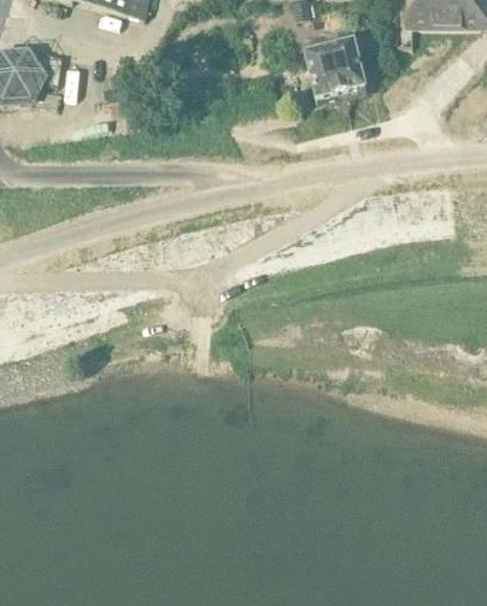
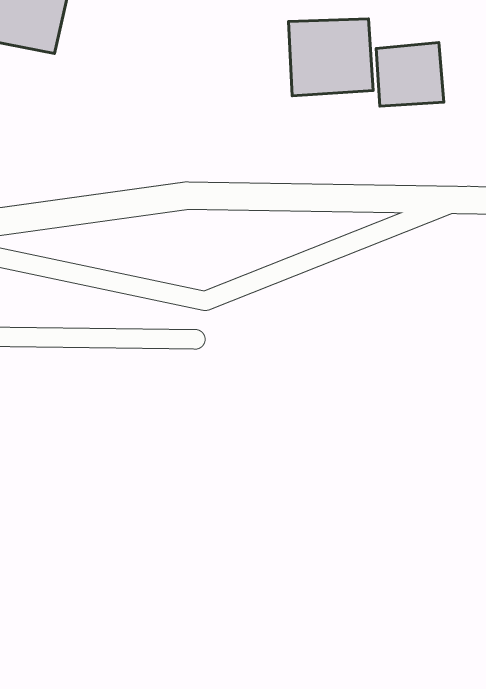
building: none -> [289,19,373,96]

